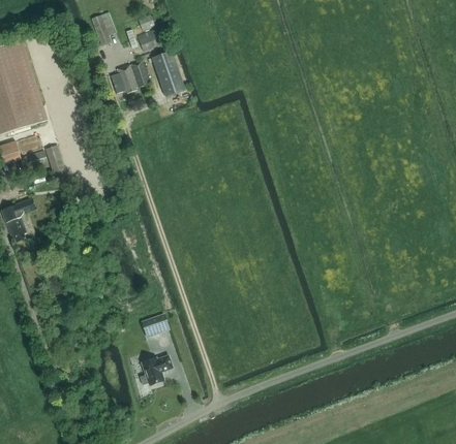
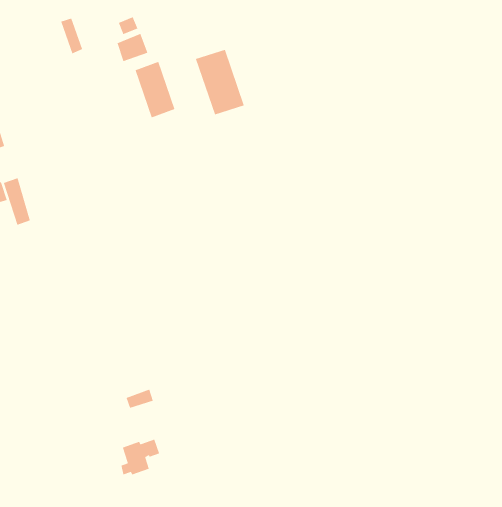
building: none -> [195,49,245,115]
building: [110,61,149,93] -> none

